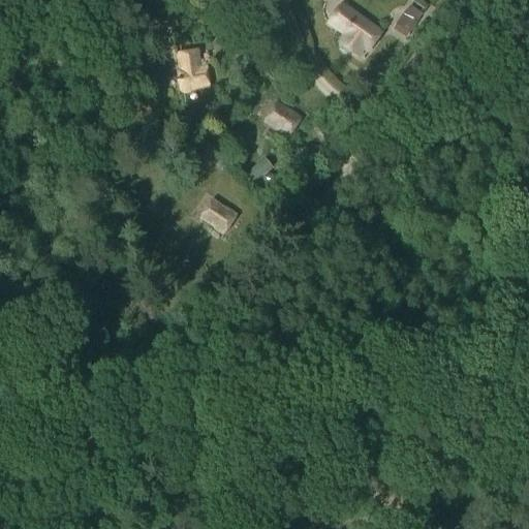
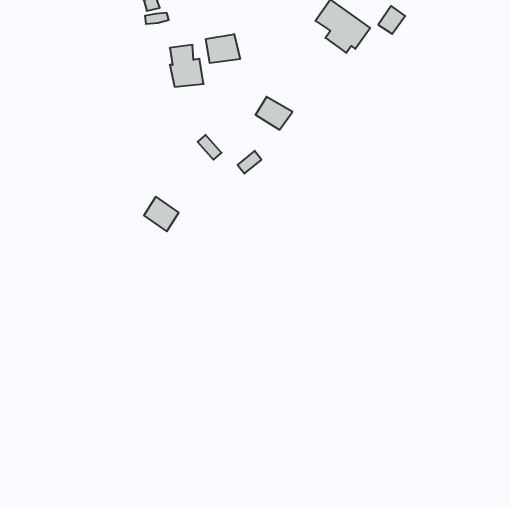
building: none -> [206,34,240,63]
building: [199,196,236,232] -> [144,197,179,231]

